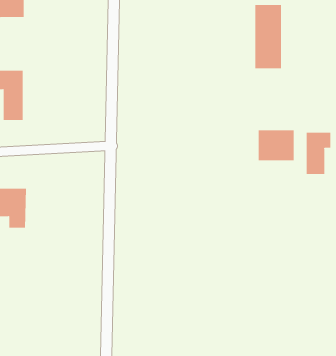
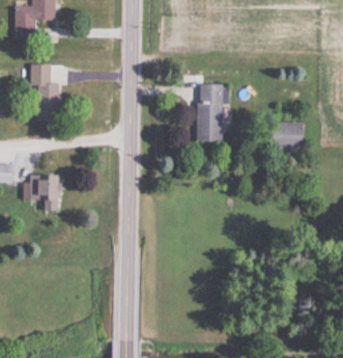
building: [254,5,282,69] -> [197,83,222,141]
building: [306,132,331,175] -> none

